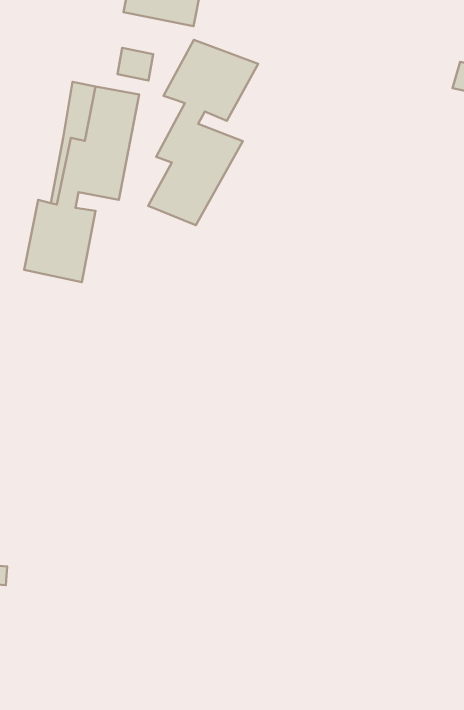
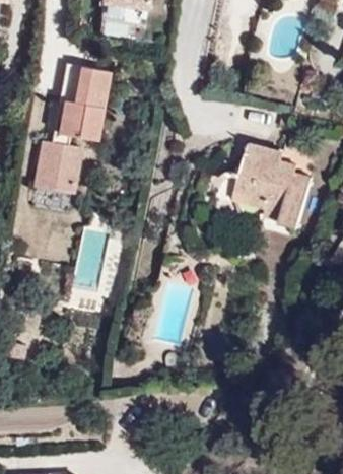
building: [148,40,258,225] -> none
building: none -> [238,146,312,230]

